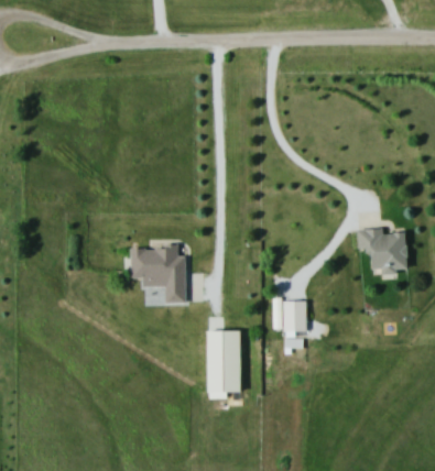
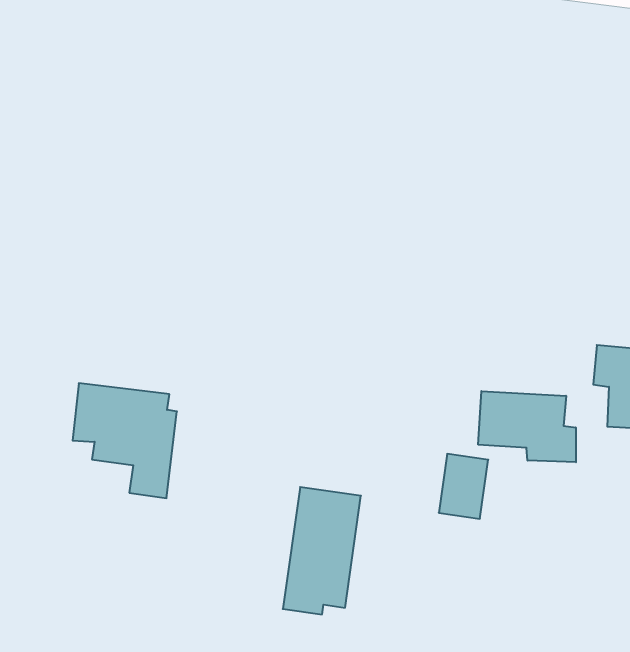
building: [129,247,186,304] -> [73,383,177,498]
building: none -> [478,391,576,462]

